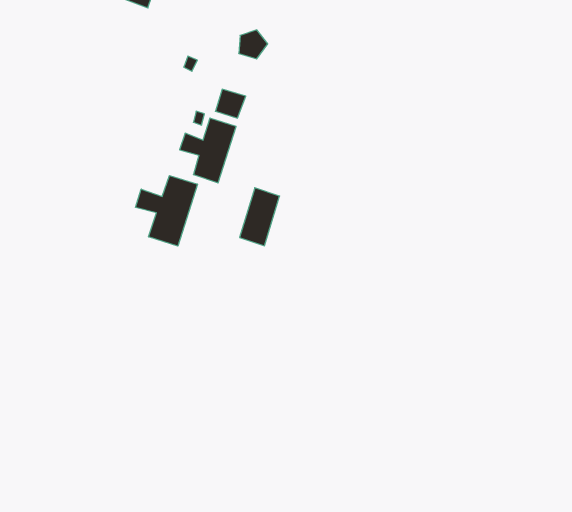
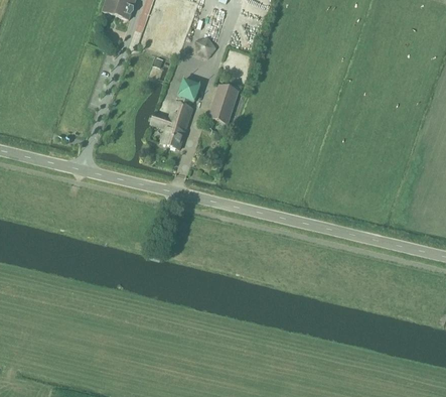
building: [136,176,197,246] -> none
building: [240,188,280,246] -> [209,80,239,122]

